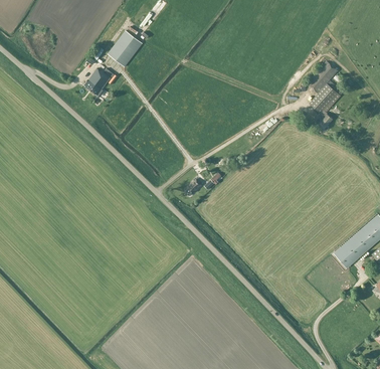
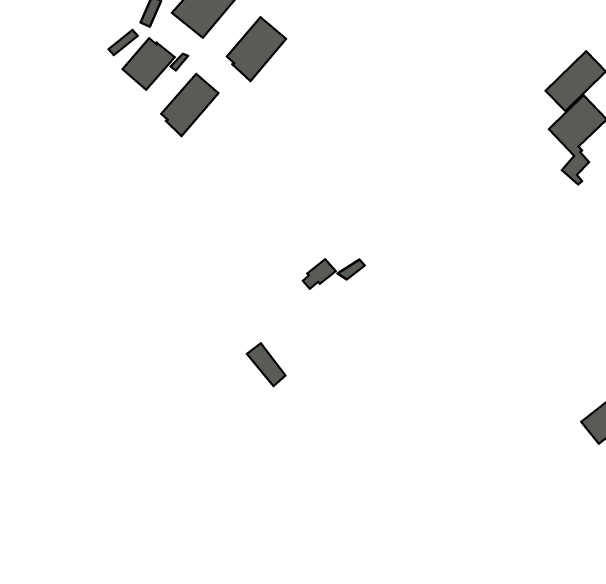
building: none -> [227,17,286,81]
building: none -> [161,74,218,136]

